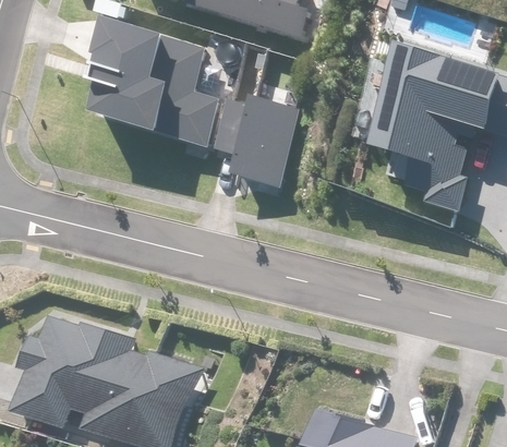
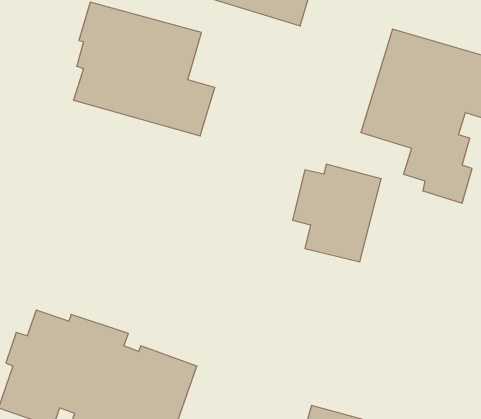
building: [215,94,301,189] -> [293,164,381,262]

